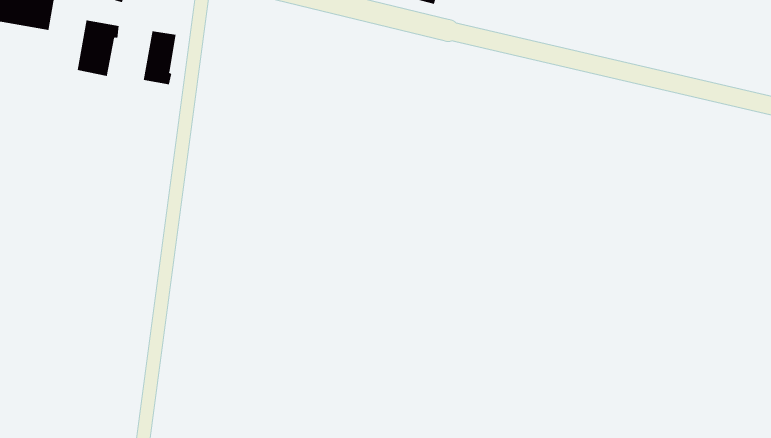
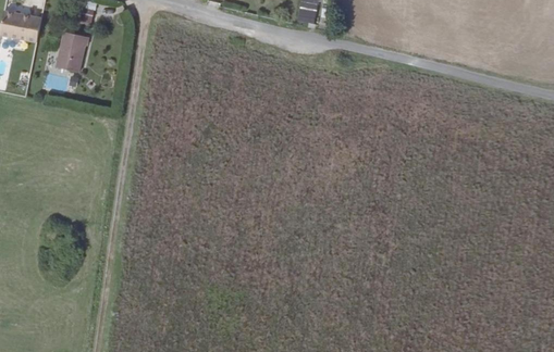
building: [143,30,176,85] -> none

